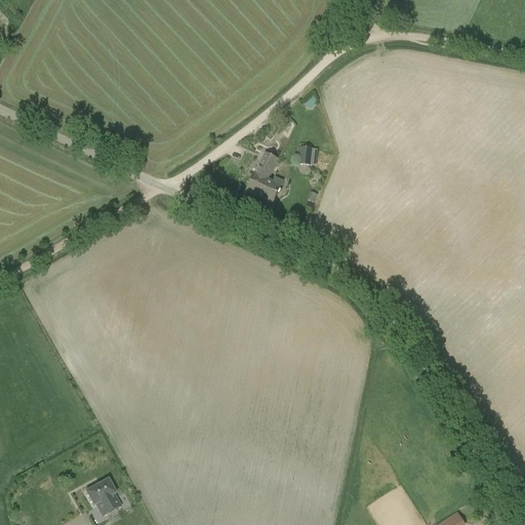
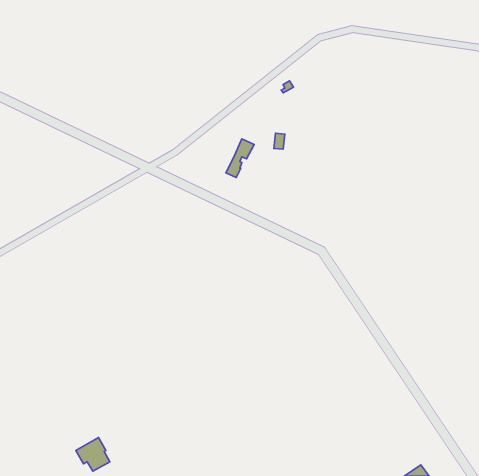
building: [258,171,283,201] -> none

